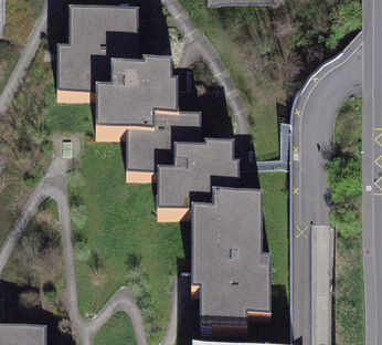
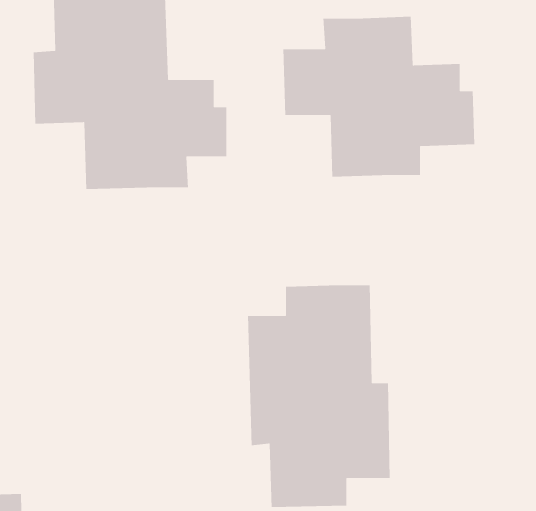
building: [127,113,244,211] -> [283,16,475,178]

